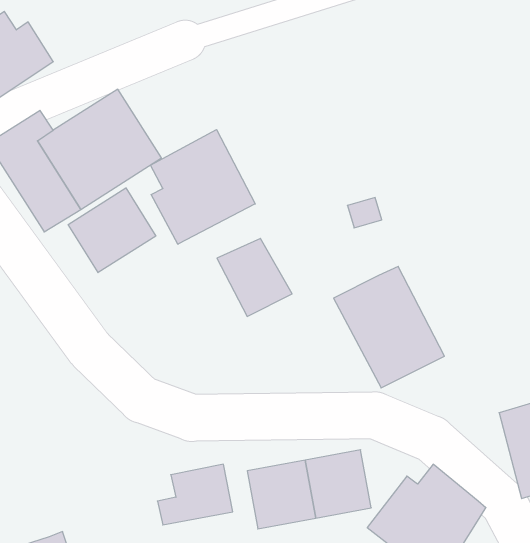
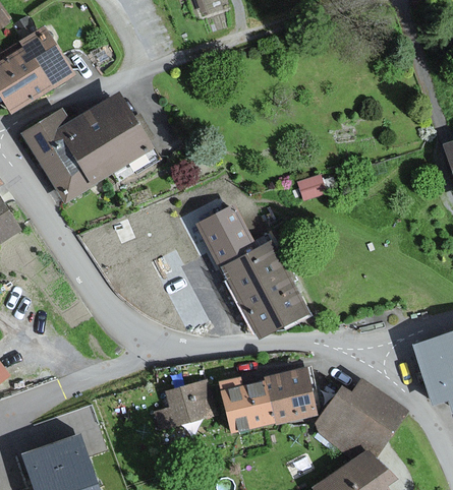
building: [150,130,255,244] -> none
building: [68,188,156,273] -> none
building: [334,266,444,388] -> [221,244,306,338]

